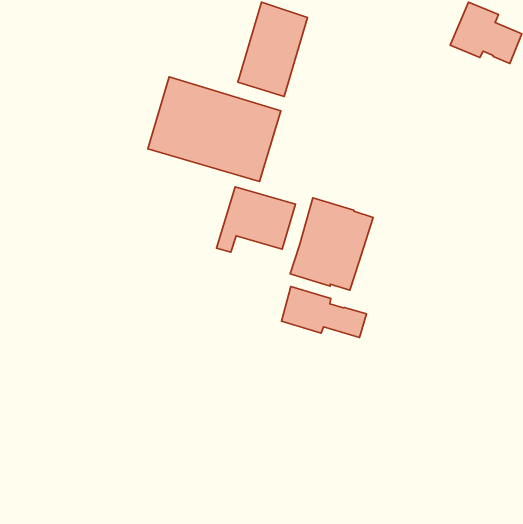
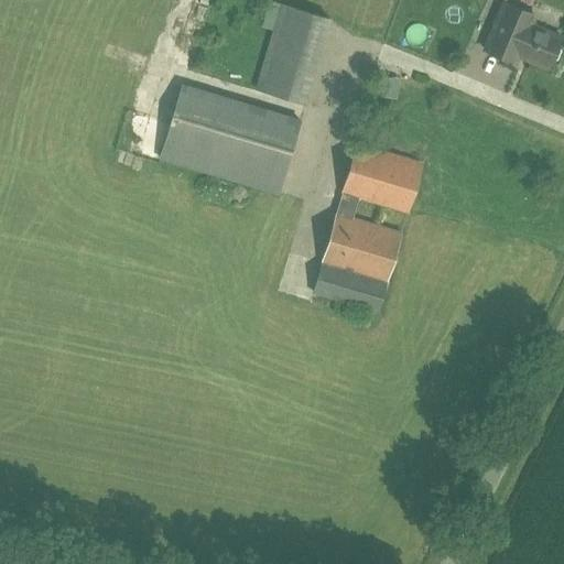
building: [217,187,296,252] -> [338,145,423,216]
building: [281,287,367,337] -> none

